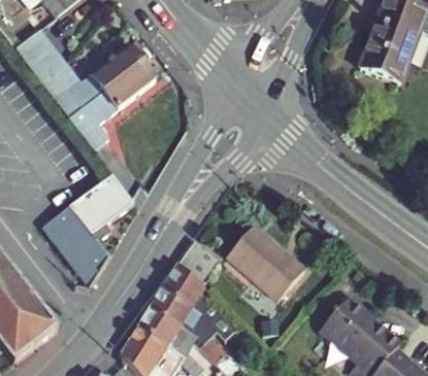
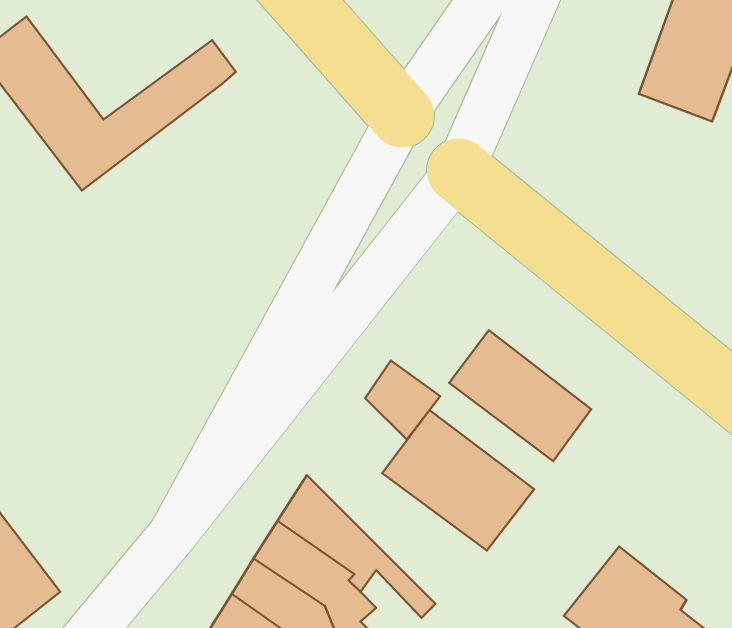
building: [67,60,154,146] -> none
building: [34,166,129,286] -> none
building: none -> [449,330,591,461]
building: [185,244,224,285] -> [365,360,440,440]

